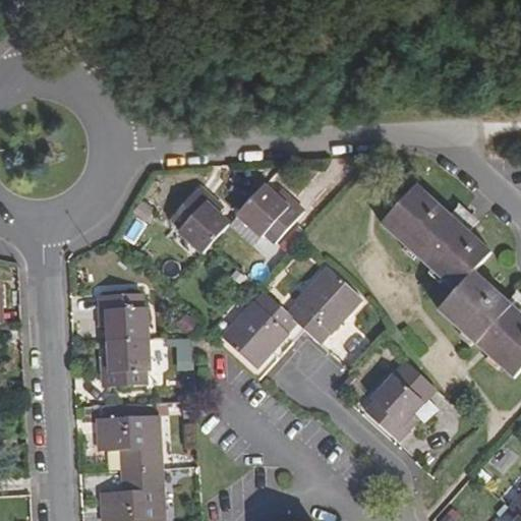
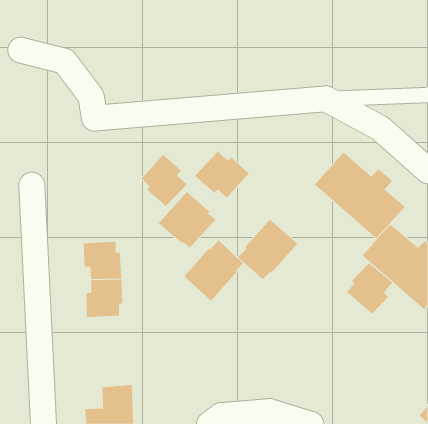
building: none -> [158,191,216,248]
building: [366,375,423,439] -> [346,263,393,315]
building: [98,414,161,470] -> none

